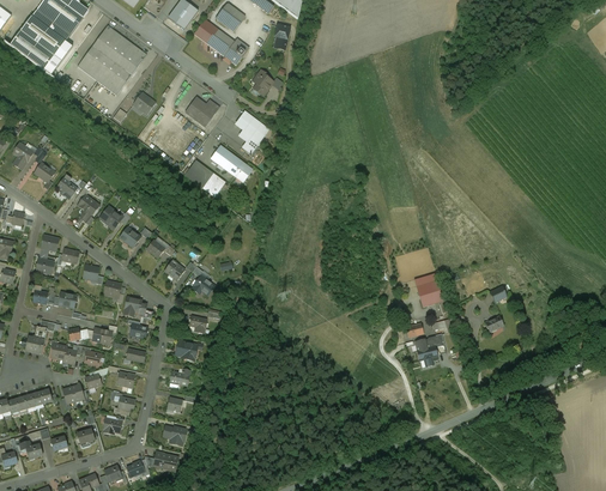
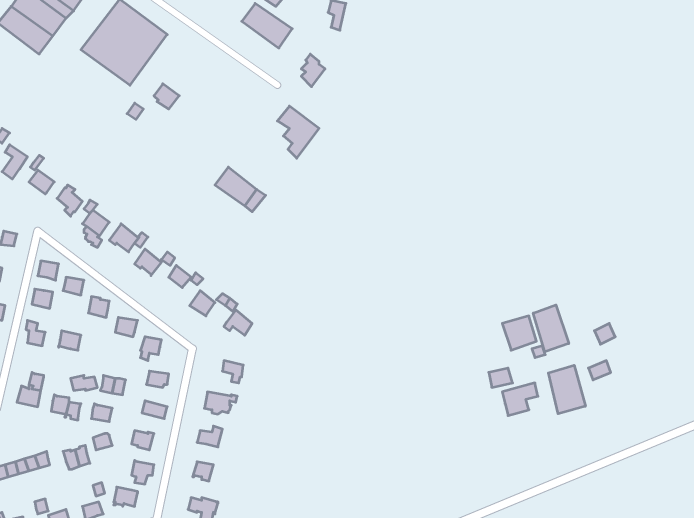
building: [184,97,218,126] -> none
building: [210,146,250,181] -> none
building: none -> [533,305,569,352]
building: none -> [548,365,585,414]

